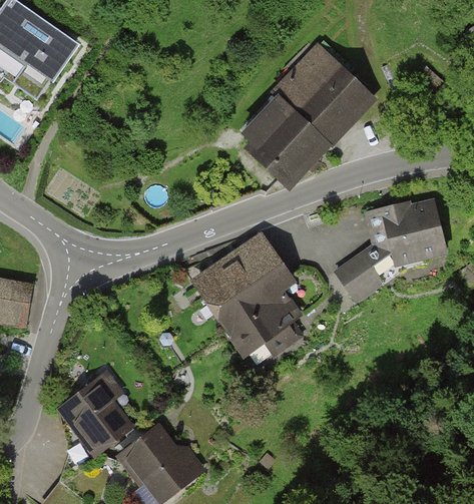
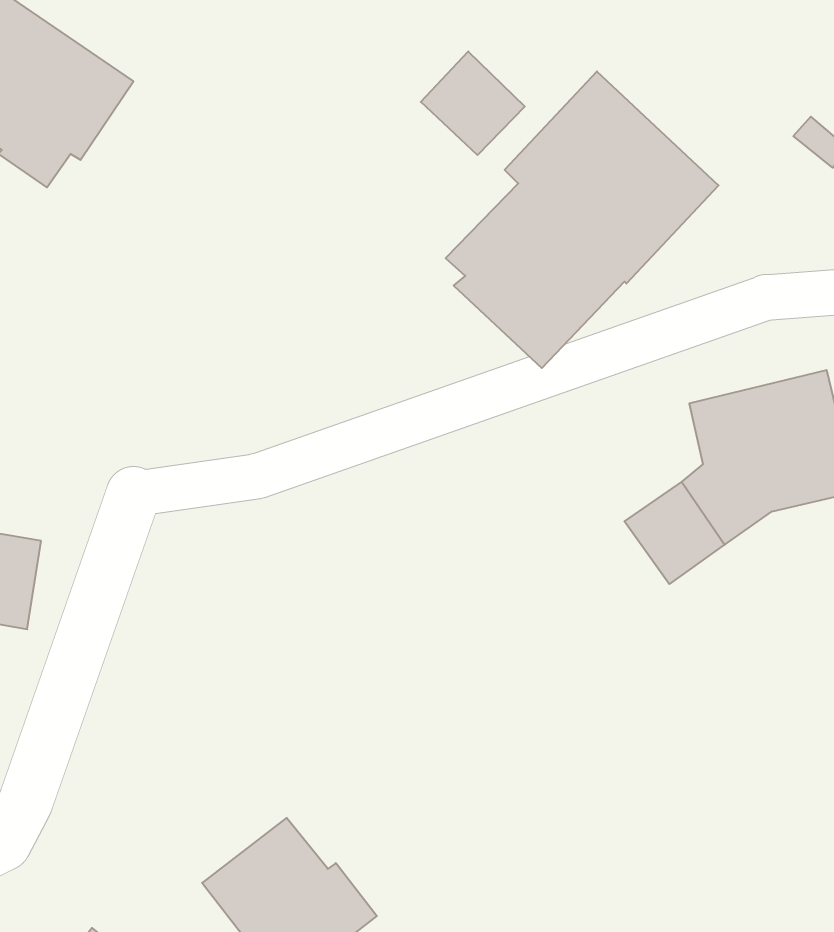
building: none -> [421,51,525,155]
building: [190,230,305,357] -> none
building: [56,377,135,458] -> none

